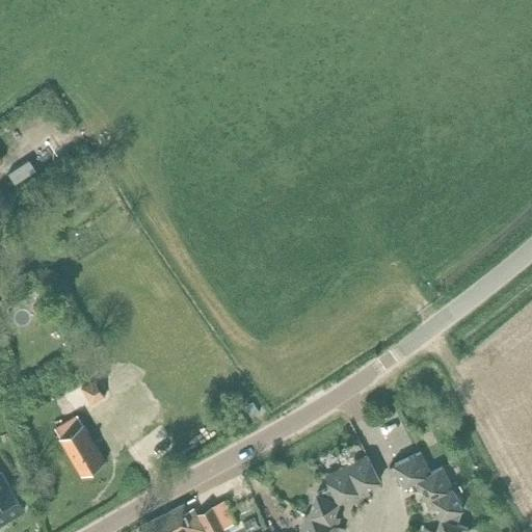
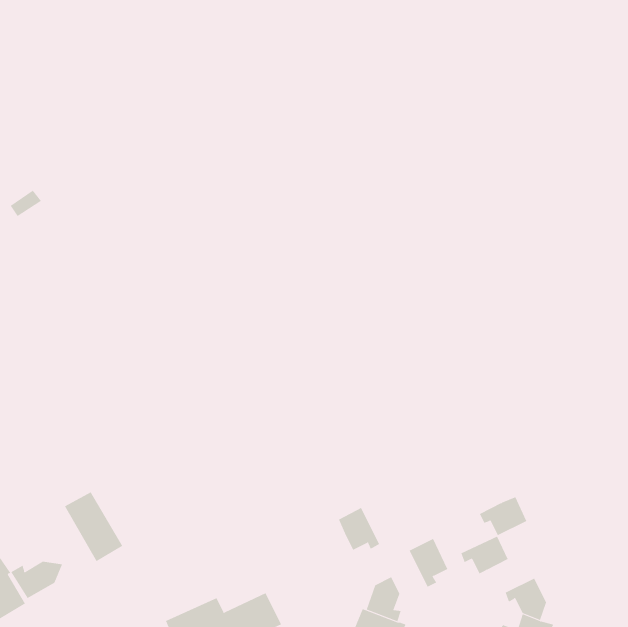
building: [325,467,361,503] -> [338,507,380,550]
building: [410,469,451,502] -> [479,496,527,536]
building: none -> [10,561,63,599]

